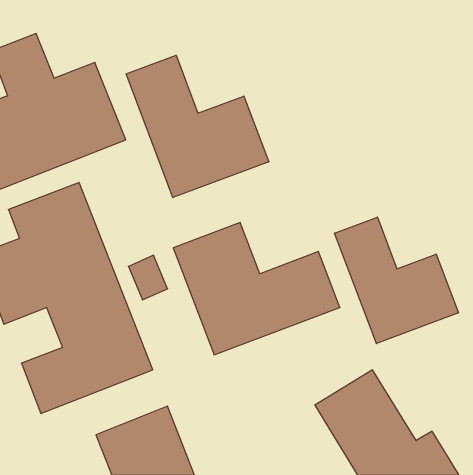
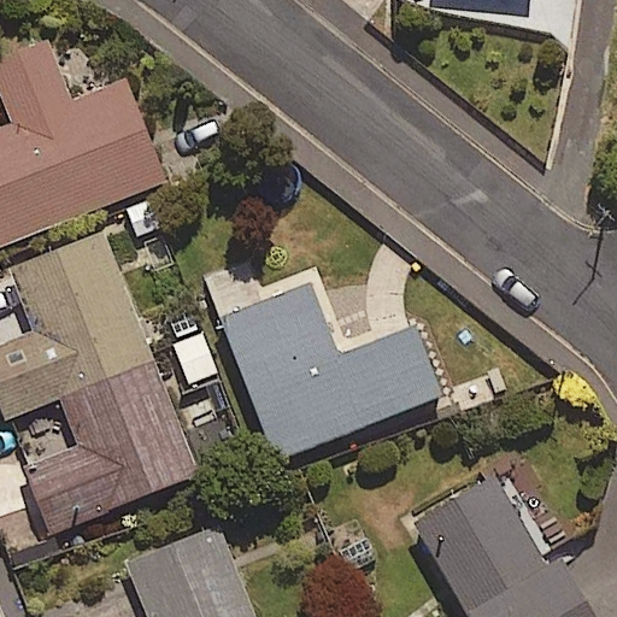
building: [126,55,269,198] -> none
building: [335,217,458,344] -> none

